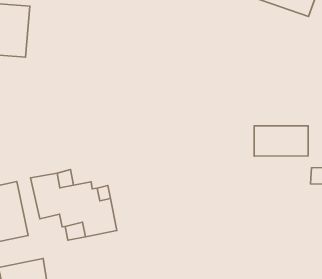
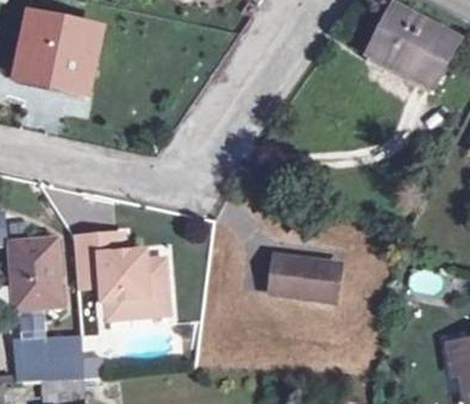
building: [254,126,308,156] -> [269,254,340,299]

